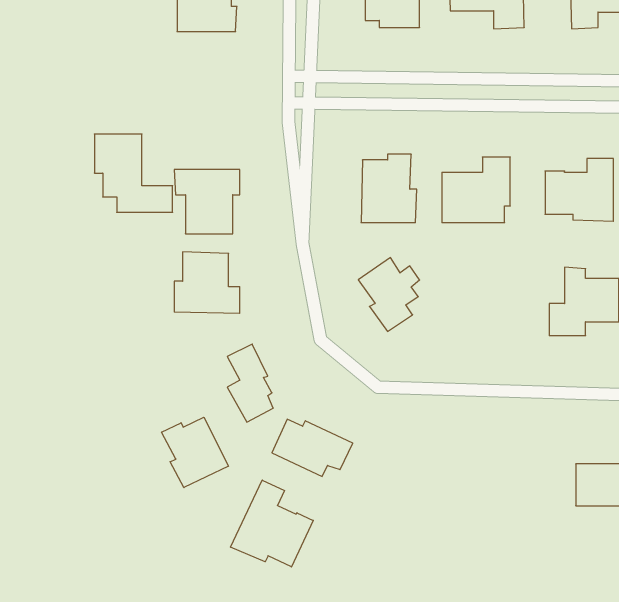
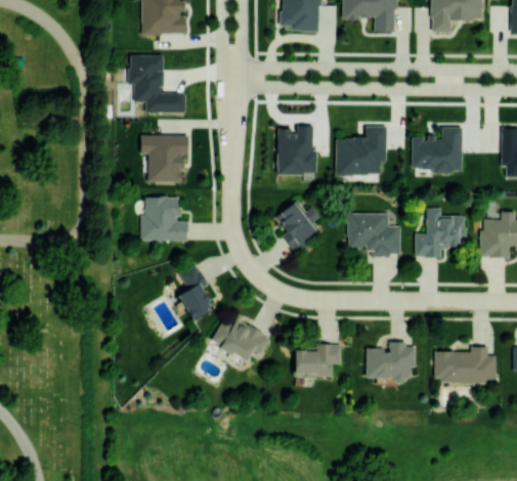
building: [94,134,173,212] -> [128,55,185,113]
building: none -> [347,212,400,256]
building: [162,417,228,488] -> none
building: none -> [365,341,416,380]
building: none -> [294,345,341,378]
building: [231,480,313,567] -> none

